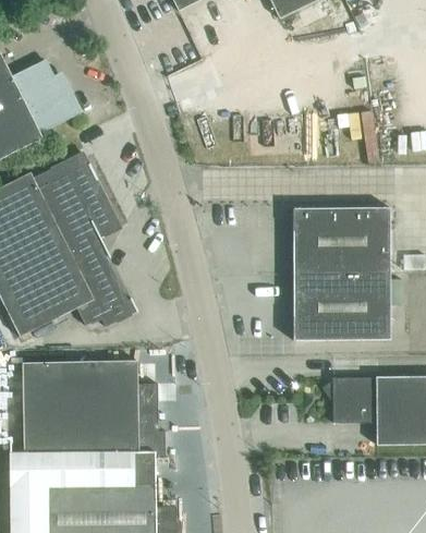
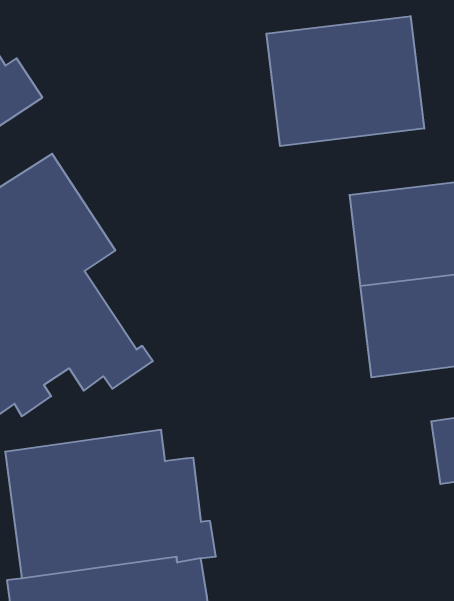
building: none -> [266,16,424,146]

